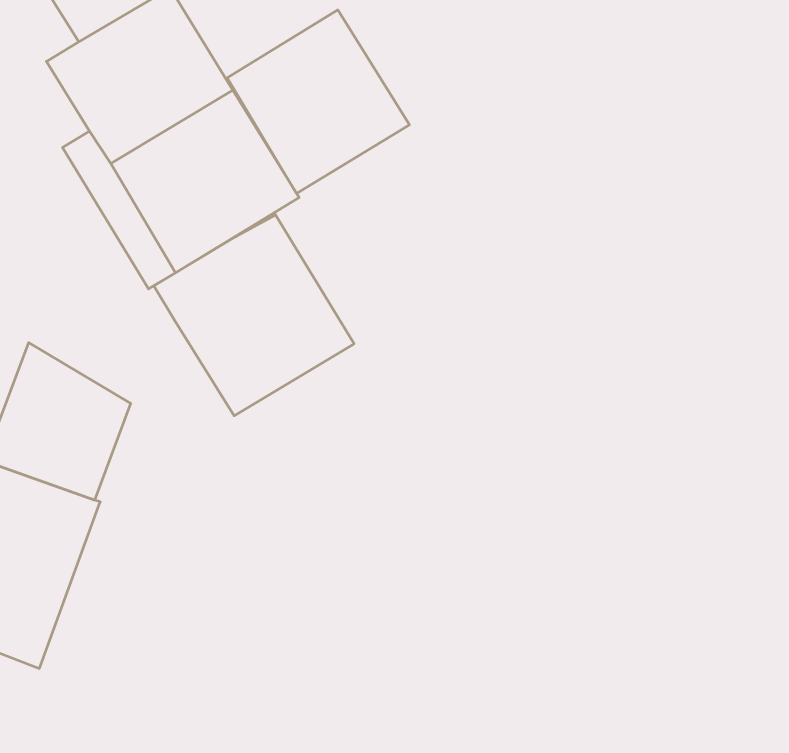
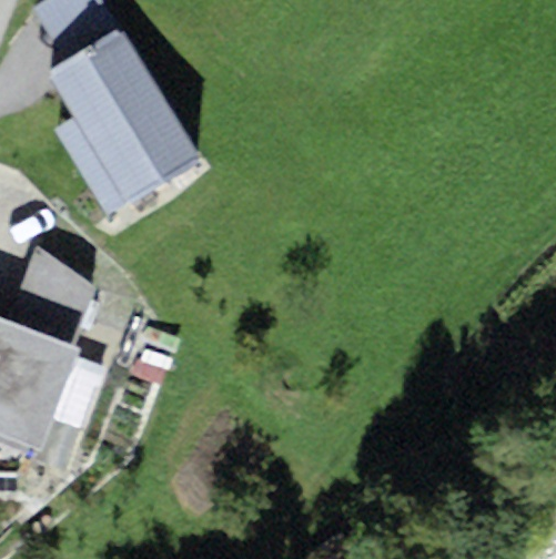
building: [227,10,409,193] -> none
building: [154,215,354,416] -> none

